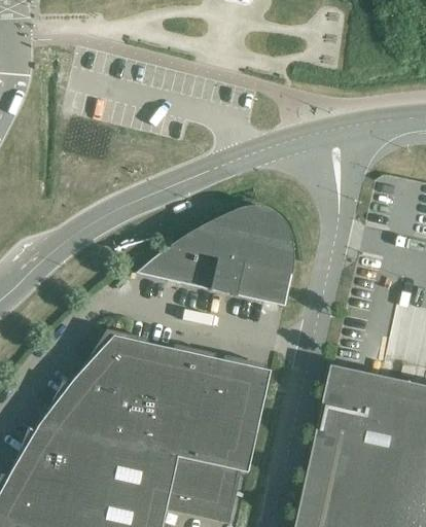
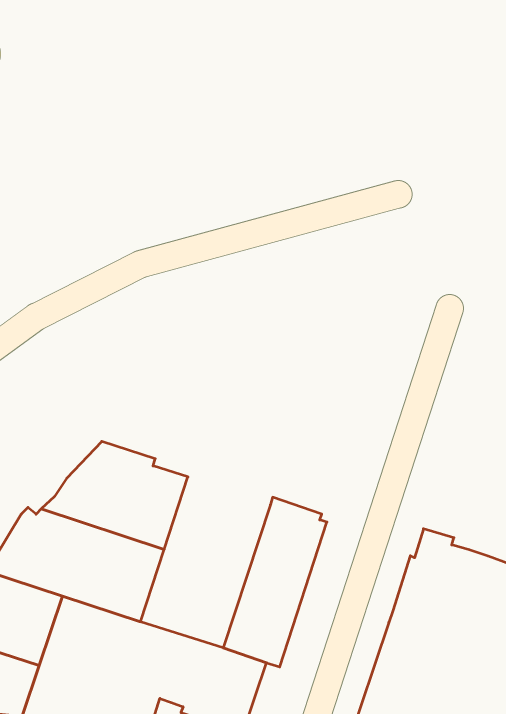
building: [136,207,293,308] -> none
building: [148,346,230,465] -> none

